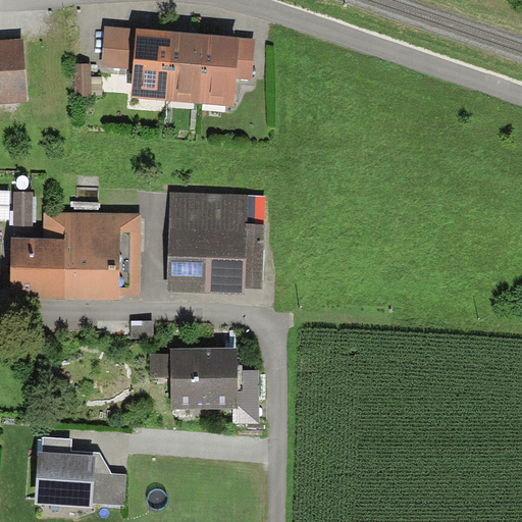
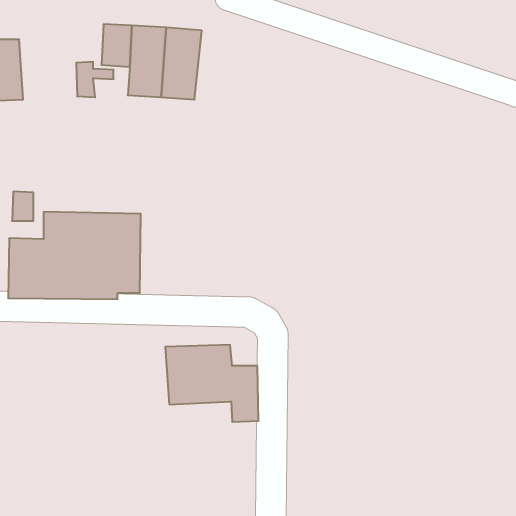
building: [196,31,238,103] -> none
building: [168,196,262,293] -> none
building: [35,437,126,510] -> none

